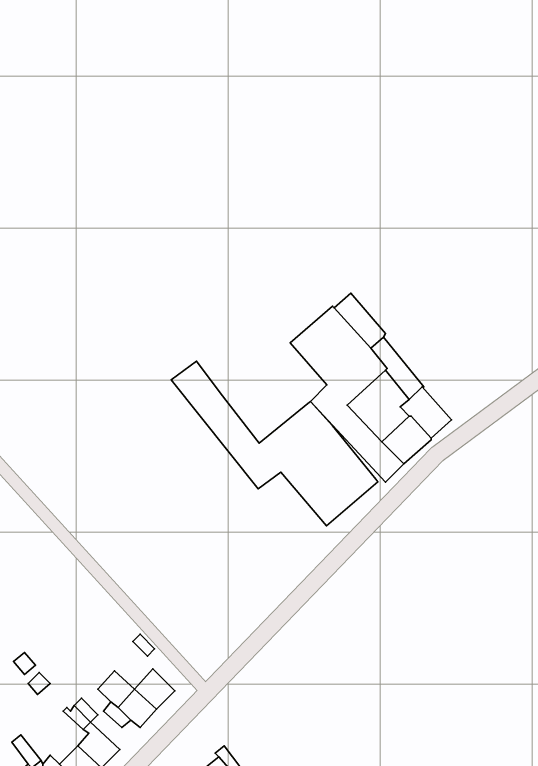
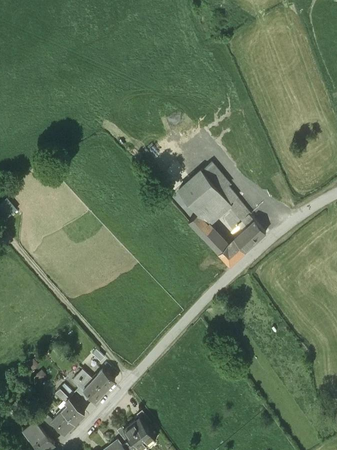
building: [171,361,378,526] -> none

